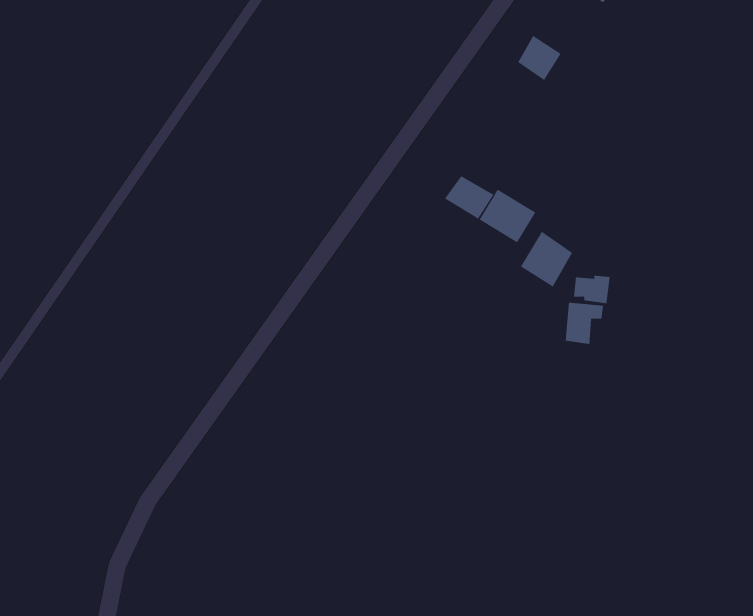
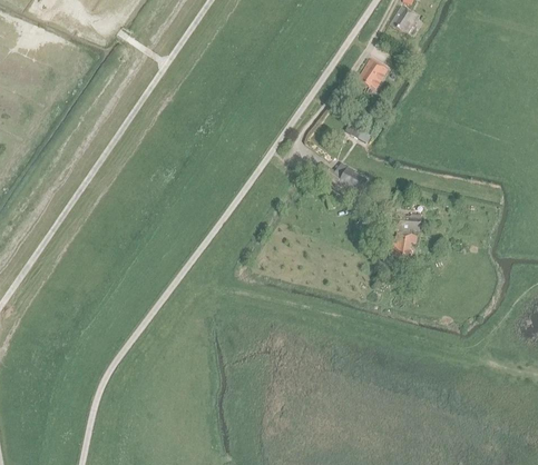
building: [444,175,494,219] -> none
building: [520,231,573,288] -> none

